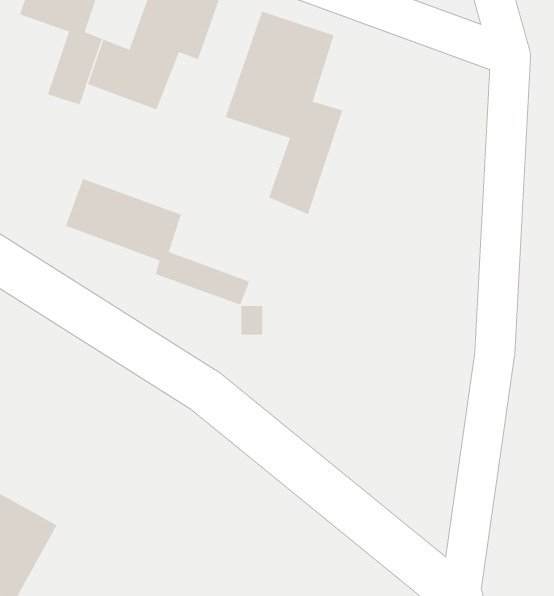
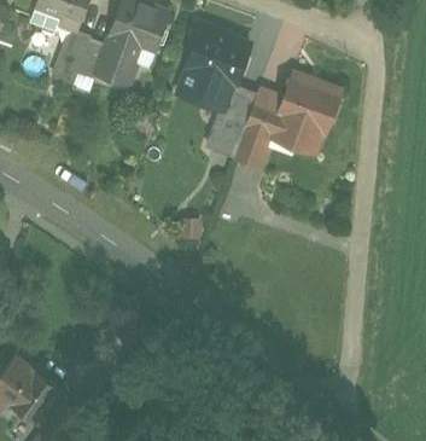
building: none -> [232,65,345,172]
building: [65,178,250,306] -> none

